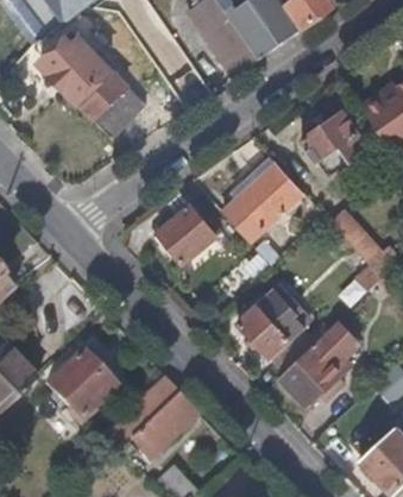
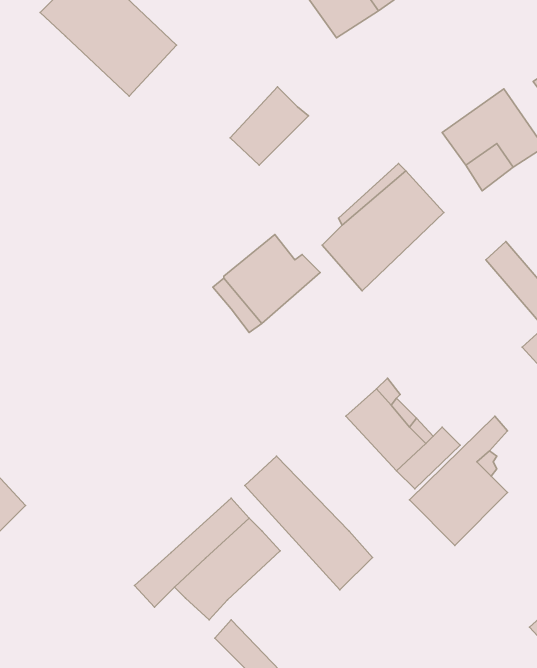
building: [97,81,149,132] -> [230,87,308,165]
building: [39,348,114,422] -> none
building: none -> [245,456,372,590]

